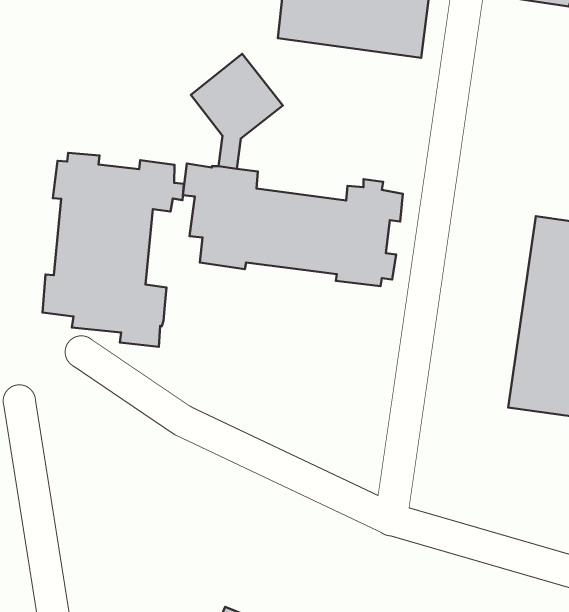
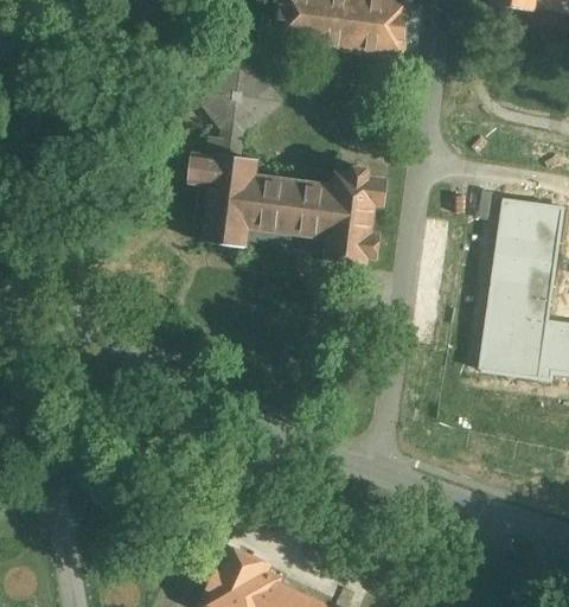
building: [43,153,184,347] -> none

